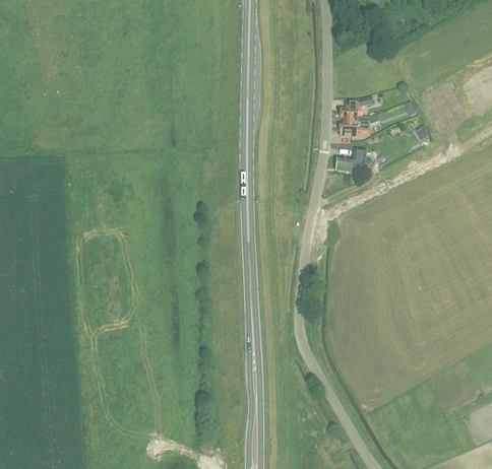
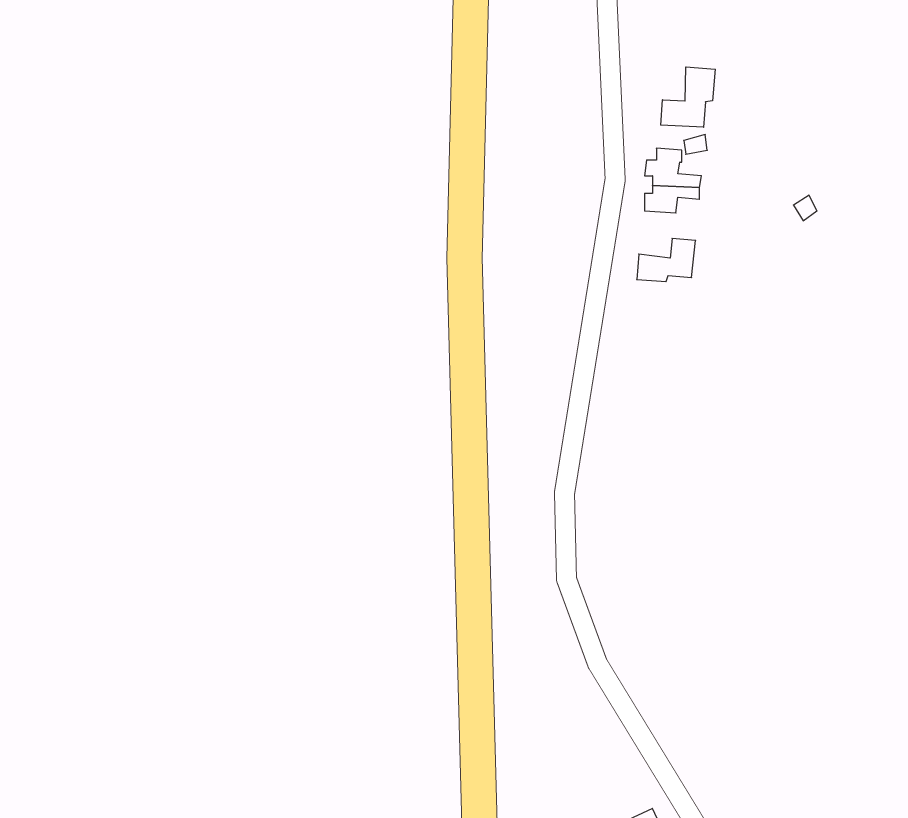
building: none -> [661,67,715,127]

